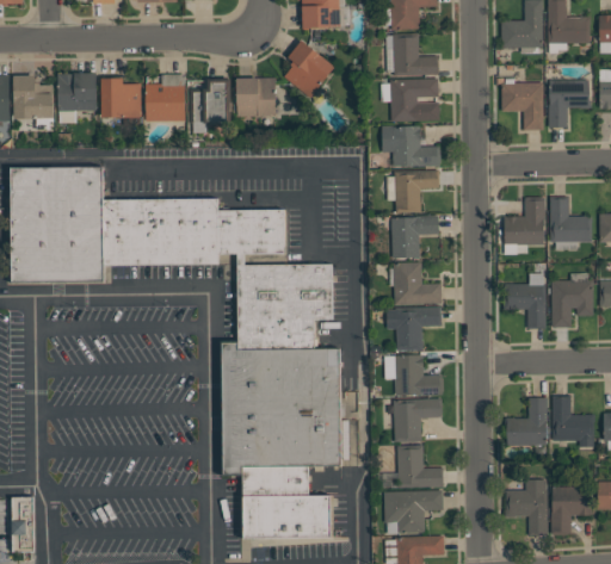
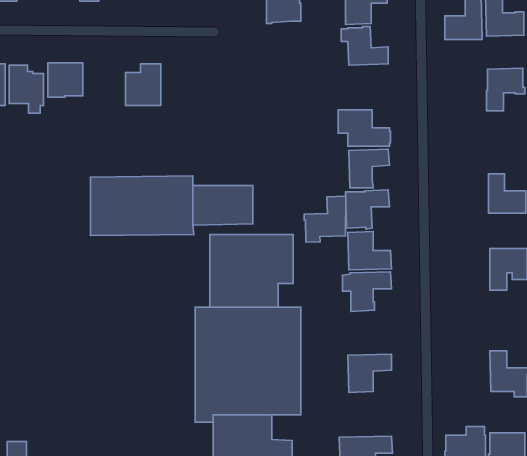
building: [284,39,334,97] -> none
building: [101,75,141,116] -> none
building: [236,76,276,116] -> none
building: [389,78,439,120] -> none
building: [190,79,230,123] -> none
building: [501,82,543,129] -> none
building: [13,167,105,281] -> none
building: [504,196,544,254] -> none
building: none -> [304,196,346,242]
building: [501,283,545,328] -> none
building: [394,354,443,395] -> none
building: [506,397,547,445] -> none
building: [396,445,443,486] -> none

